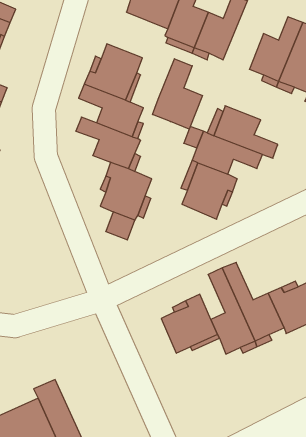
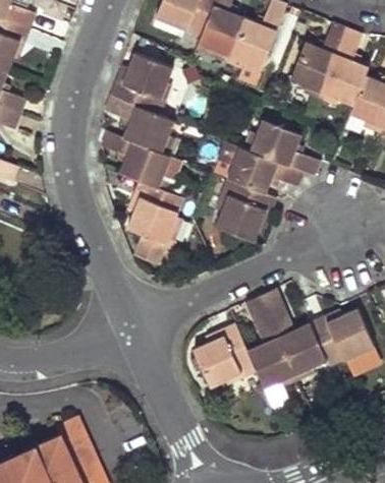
building: [153,59,202,129] -> none

